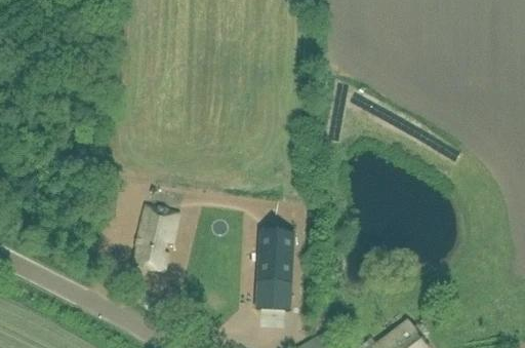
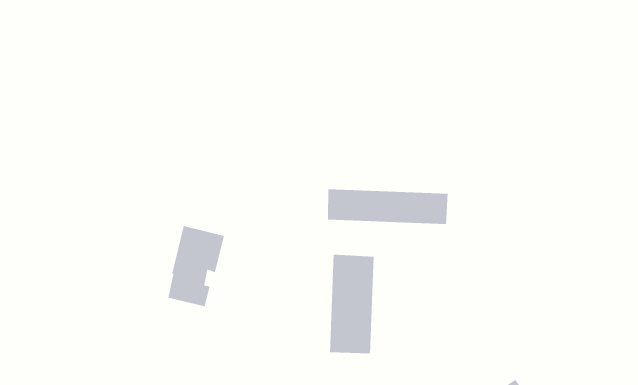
building: none -> [327,188,448,225]

